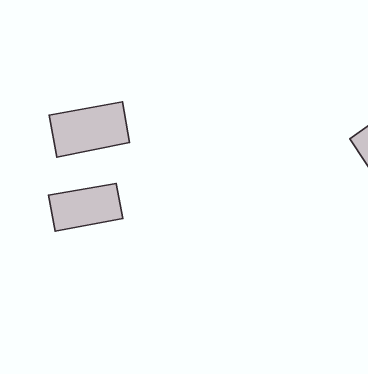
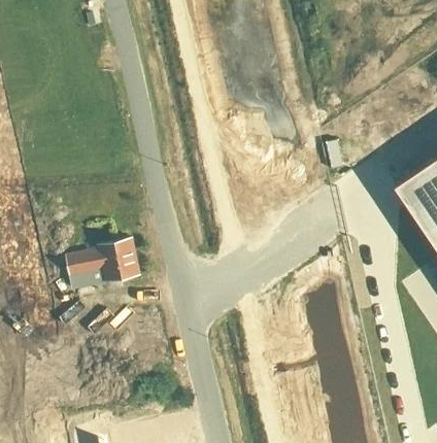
building: [49,102,130,157] -> none

